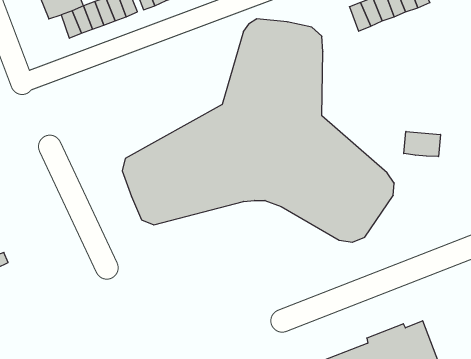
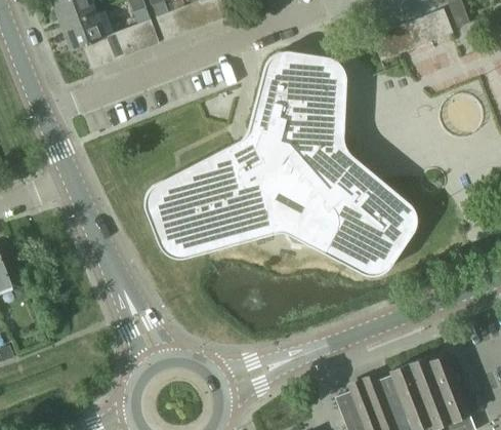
building: [404,131,440,157] -> none

